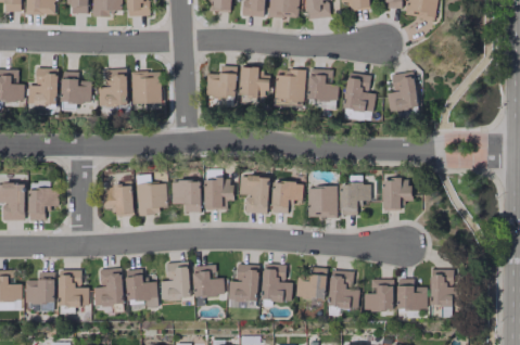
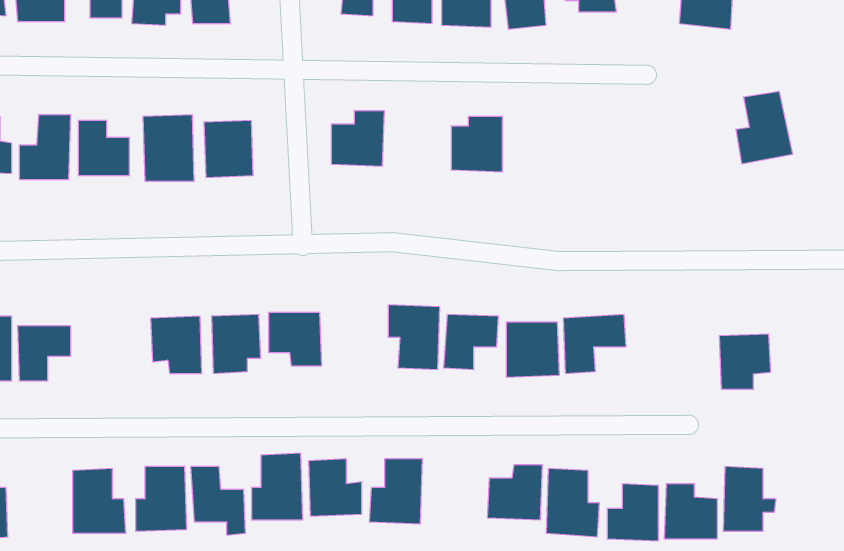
building: [240,67,268,101] -> none
building: [308,69,338,101] -> none
building: [386,72,419,113] -> [736,91,793,164]
building: [344,73,376,112] -> none
building: [203,179,232,209] -> none
building: [381,179,410,210] -> [719,334,771,389]
building: [262,265,292,302] -> none
building: [26,272,55,303] -> none

